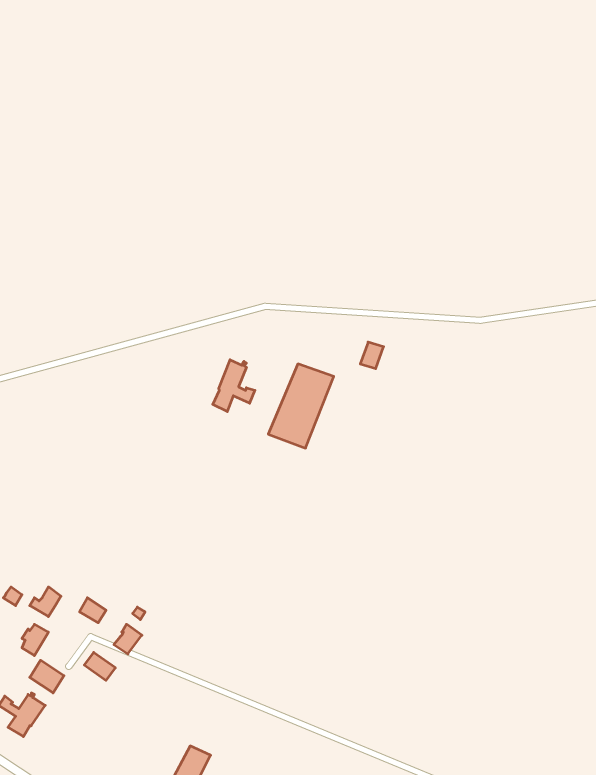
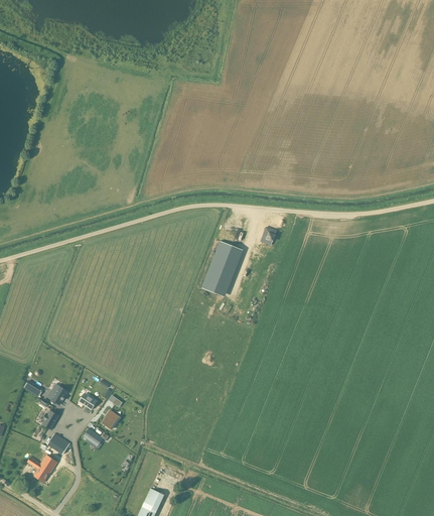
building: [213,360,255,412] -> none

